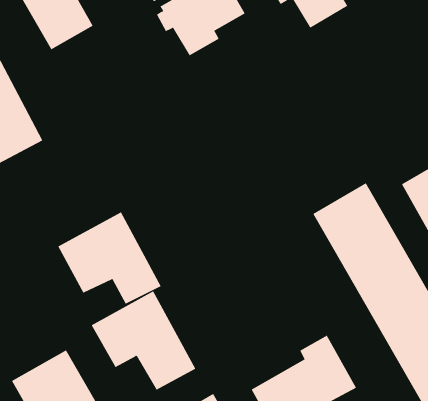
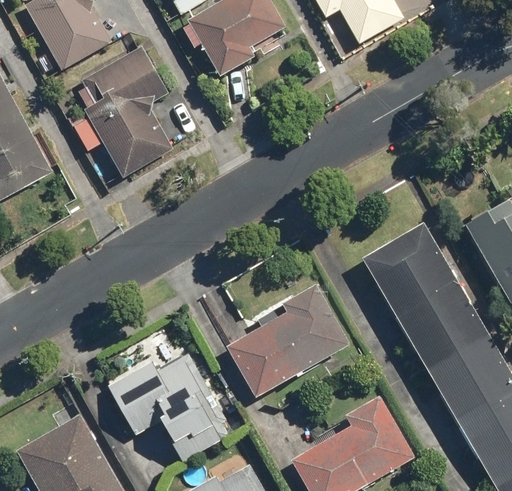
building: none -> [73,47,169,174]
building: [57,211,161,304] -> none
building: none -> [227,284,349,397]

